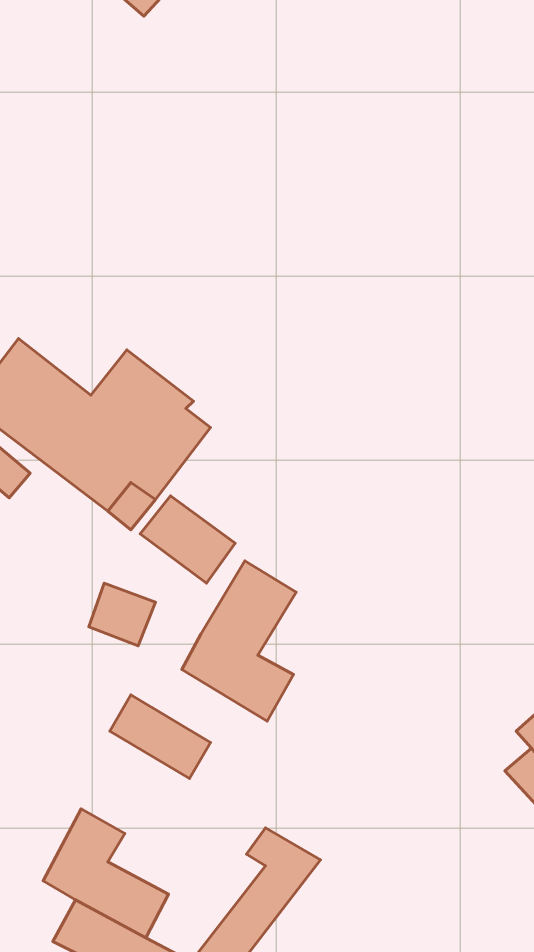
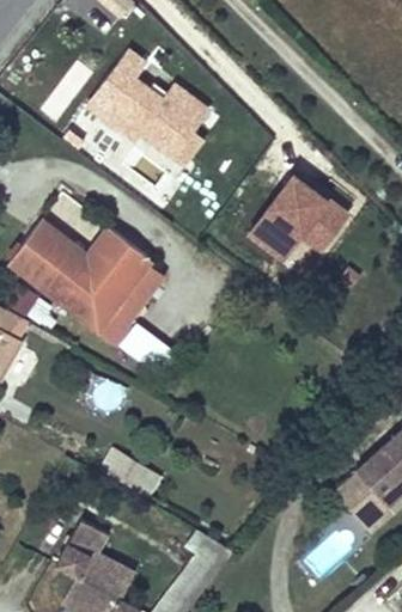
building: none -> [102,50,207,158]
building: none -> [249,175,348,261]
building: [182,561,296,721] -> none

